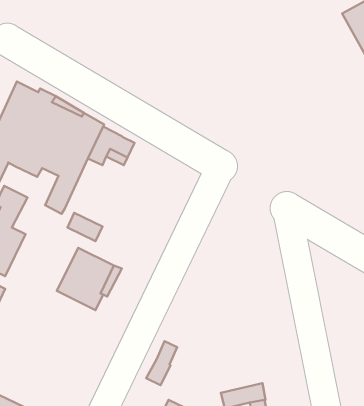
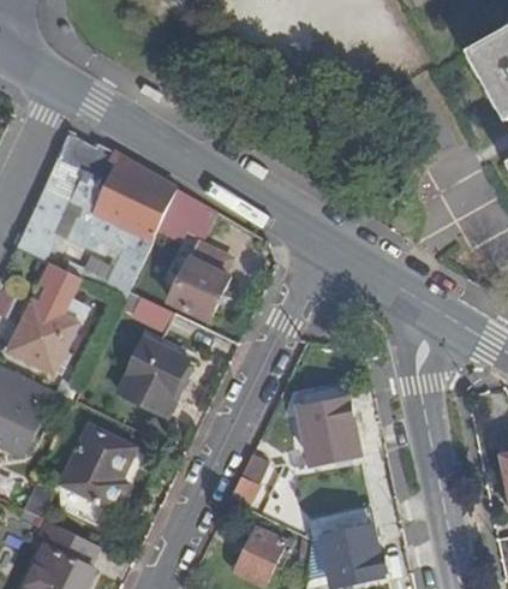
building: none -> [167,242,228,321]
building: none -> [292,398,359,464]
building: none -> [56,424,135,526]

